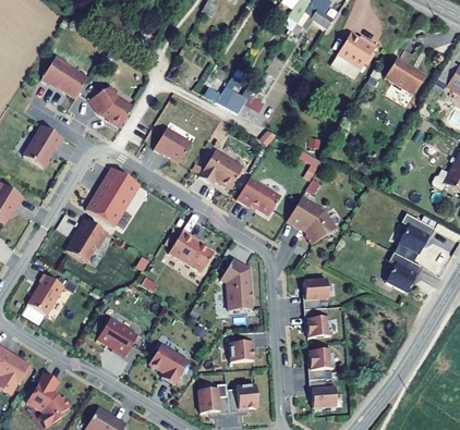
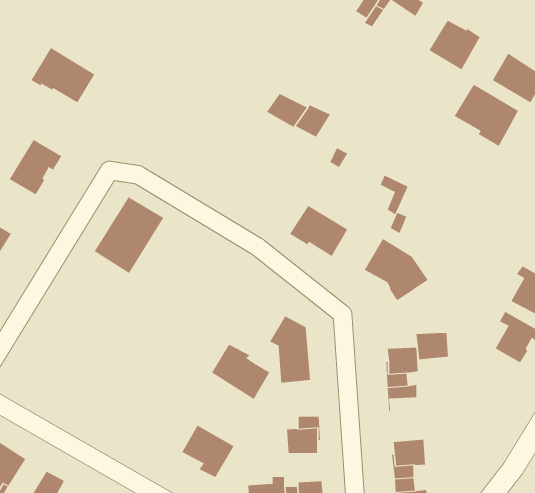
building: none -> [454,84,519,147]
building: [86,84,129,125] -> none
building: [149,126,186,161] -> none
building: [195,148,238,185] -> none
building: [64,217,105,261] -> none
building: [166,229,210,271] -> [211,344,270,400]
building: [26,273,65,316] -> none
building: [98,315,140,355] -> none
building: [308,319,334,340] -> [416,333,449,360]

